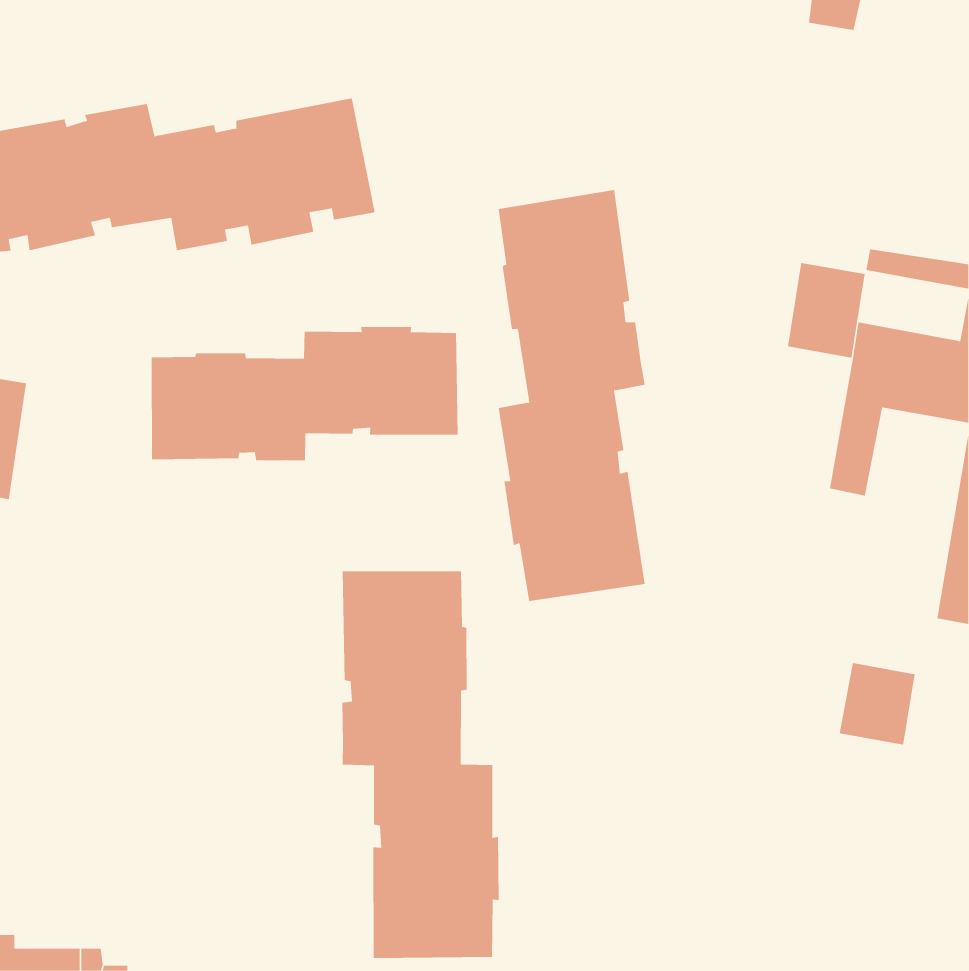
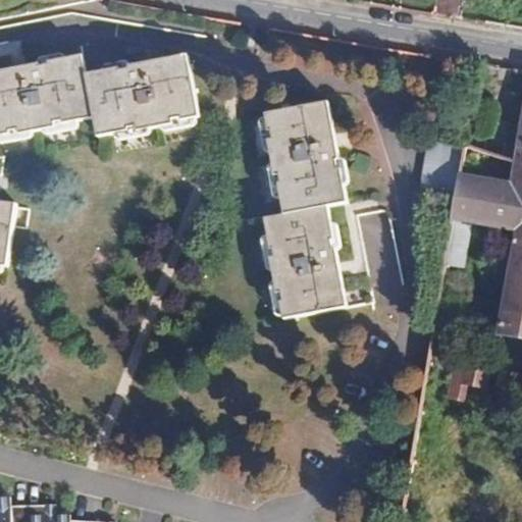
building: [151,326,458,461] -> none
building: [342,571,499,959] -> none

